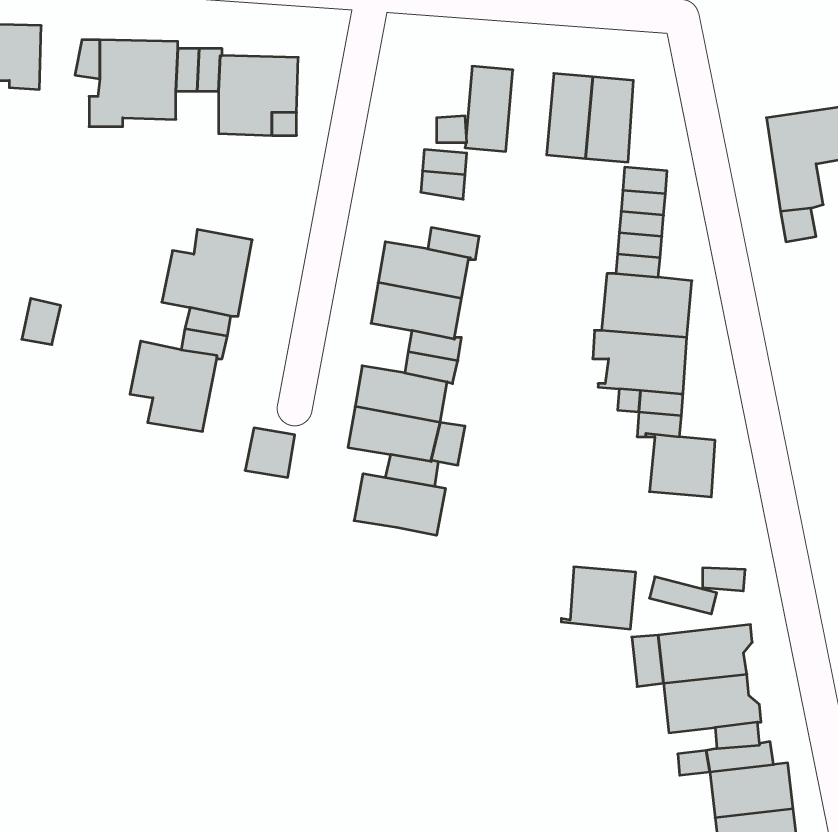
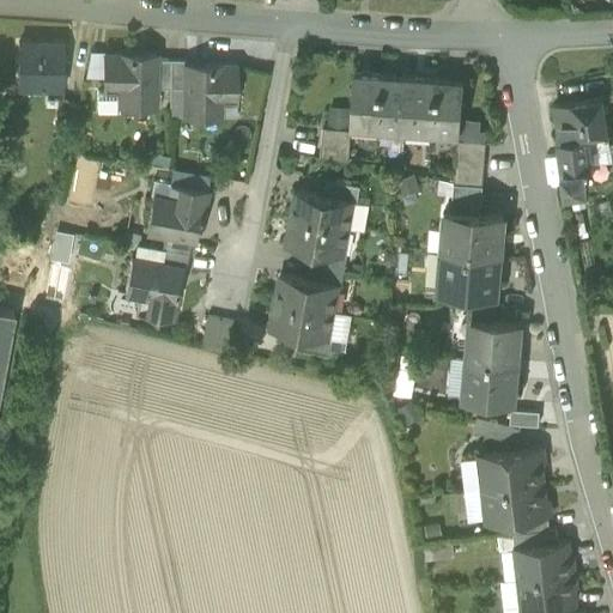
building: none -> [377,78,409,135]
building: [354,474,445,535] -> none
building: [561,567,636,629] -> [466,363,516,405]

